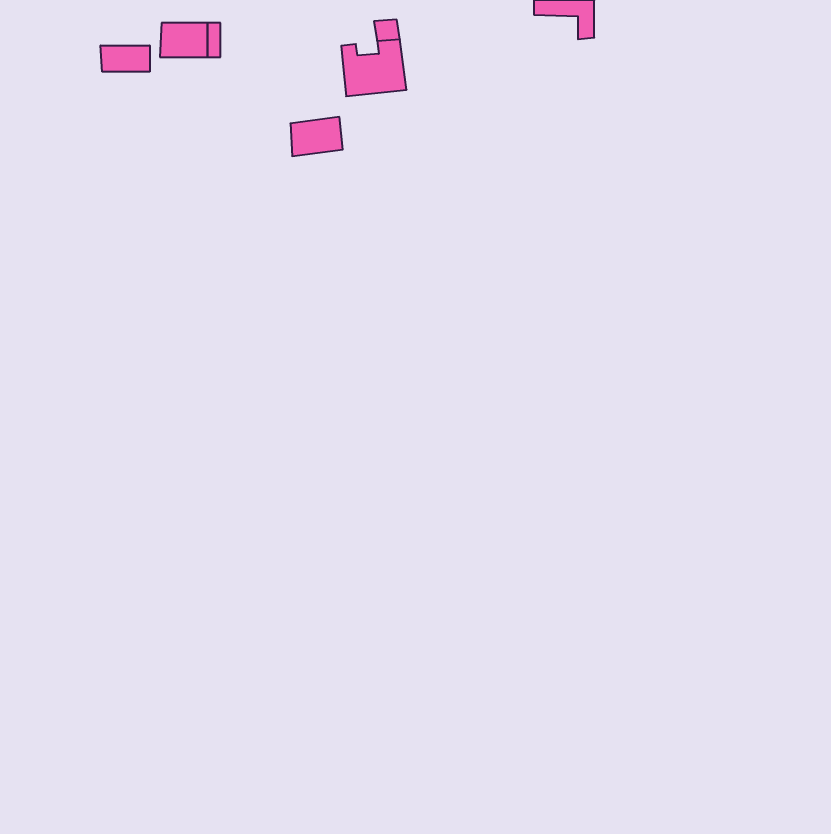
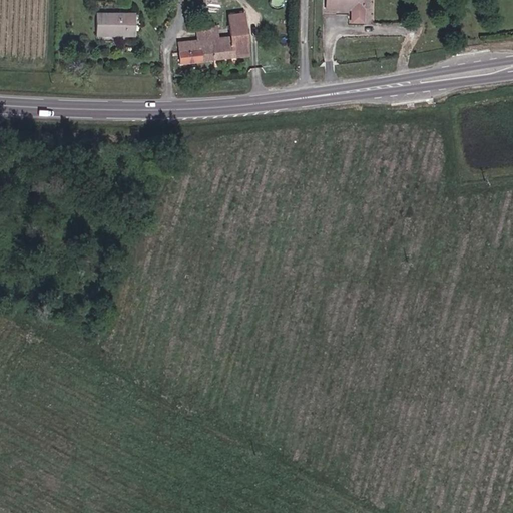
building: [101,45,150,72] -> none
building: [290,117,343,156] -> [180,39,212,63]

